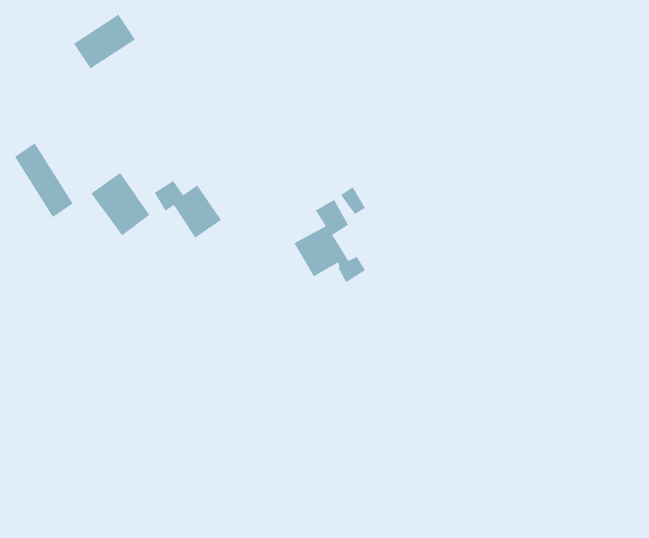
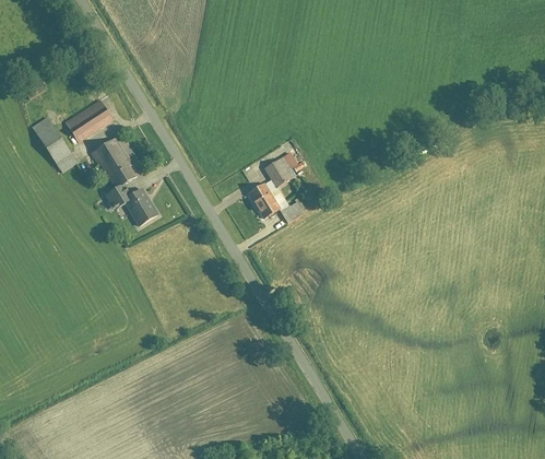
building: [73,14,136,69] -> [64,98,112,141]
building: [154,180,222,238] -> [108,184,161,228]

